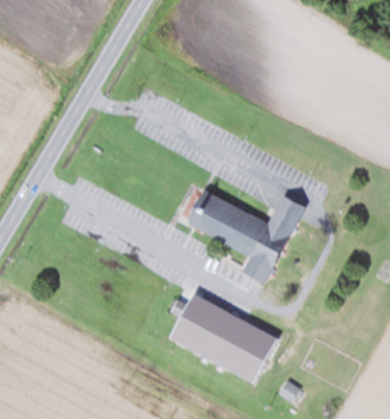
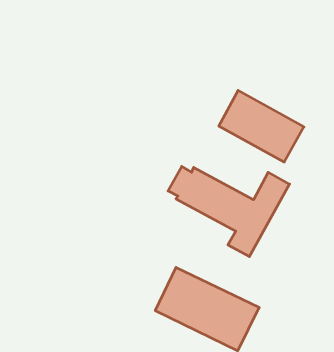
building: none -> [219,90,304,162]

